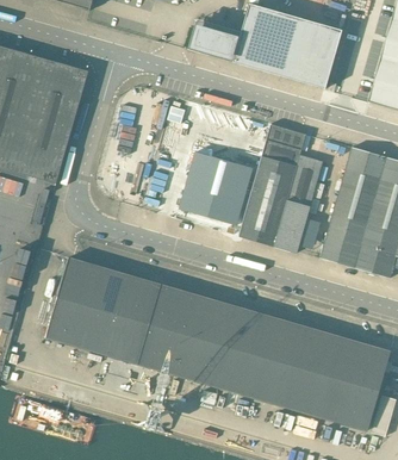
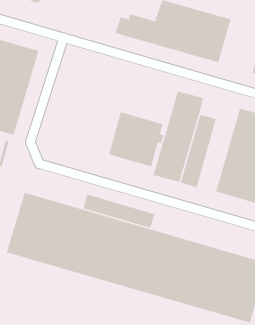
building: none -> [82,194,156,229]

